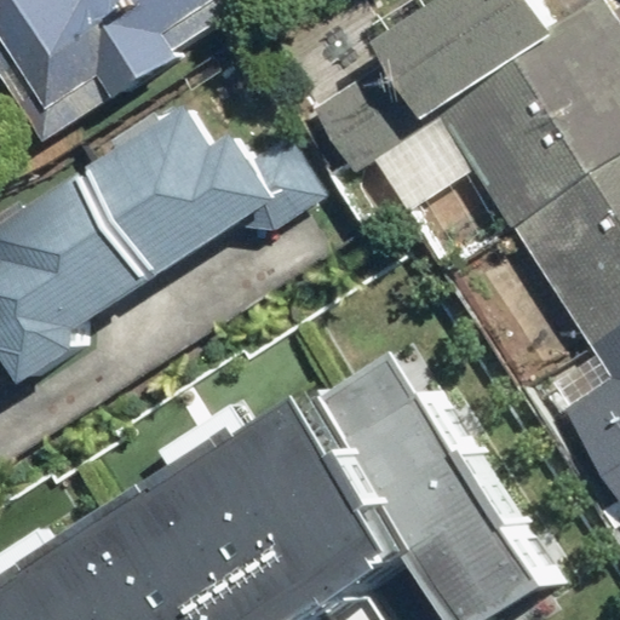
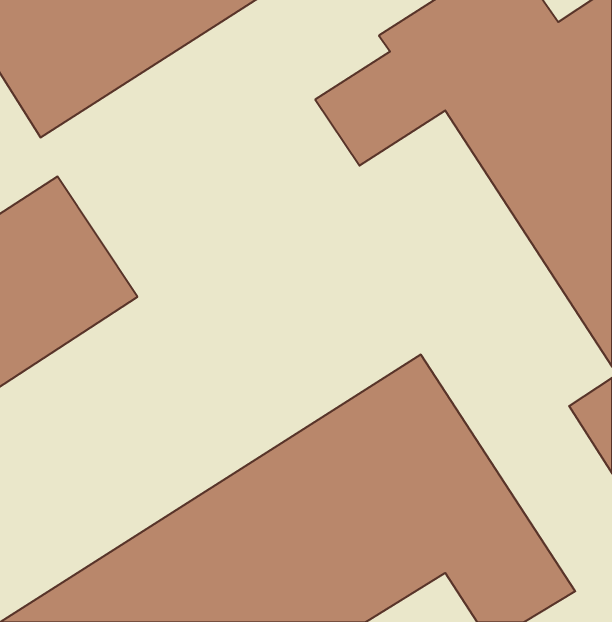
building: [92,108,251,279] -> none

